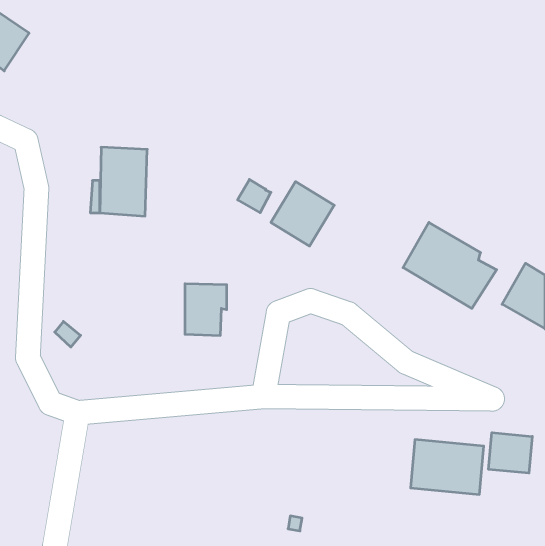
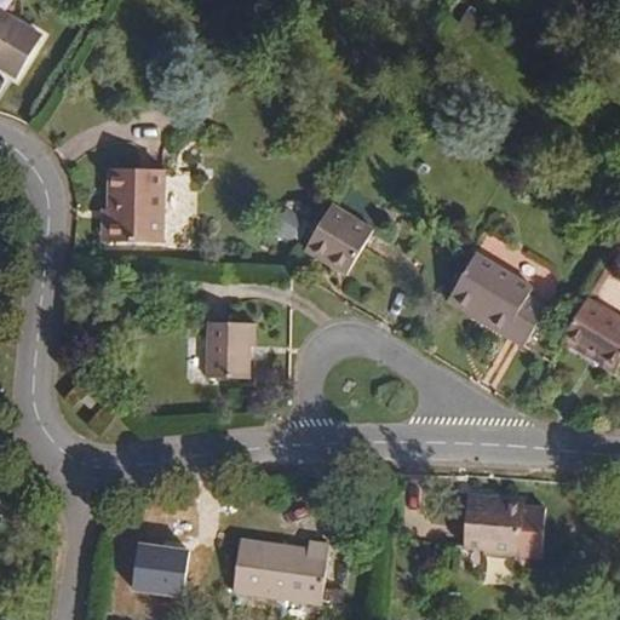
building: [489,433,532,473] -> none
building: none -> [234,536,328,601]
building: none -> [128,539,184,597]

